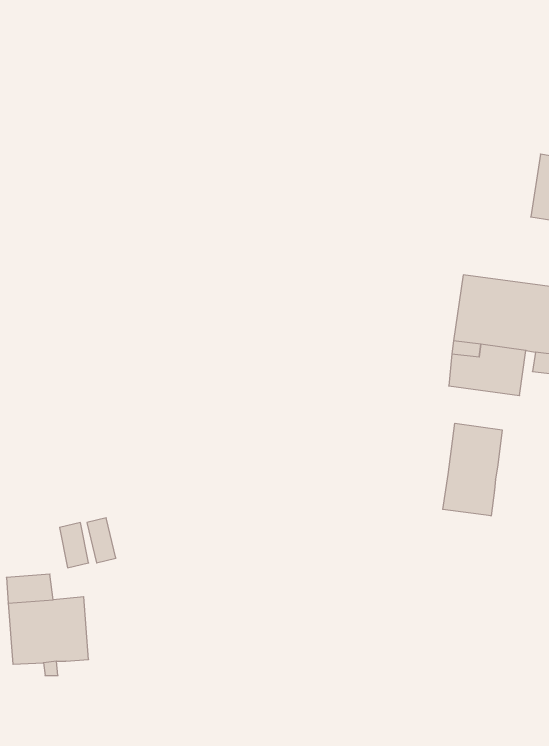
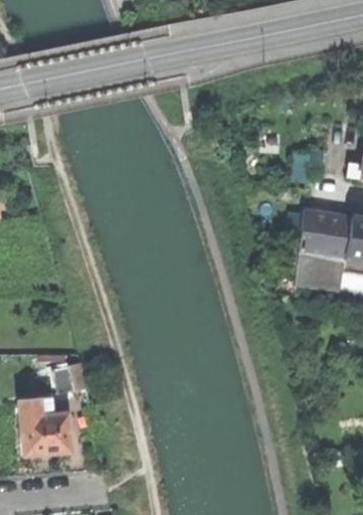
building: [443,423,502,516] -> none

